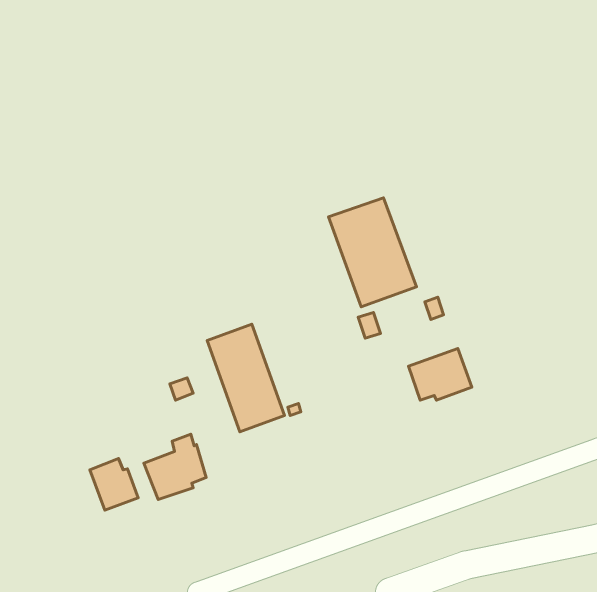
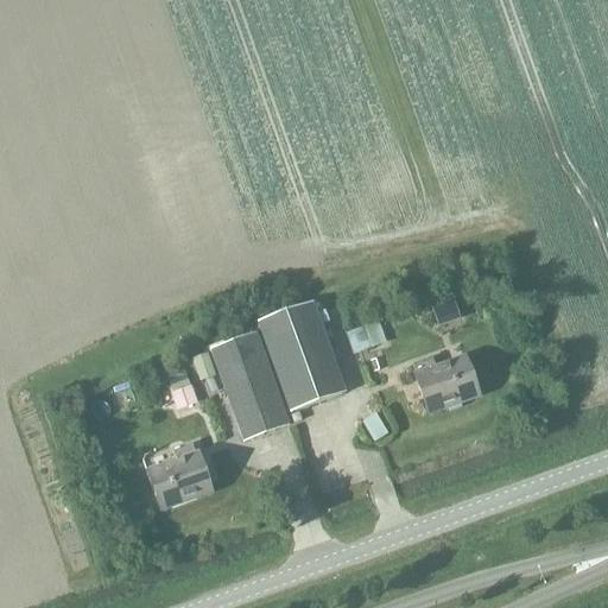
building: [329,198,416,307] -> [258,299,347,410]
building: [90,459,138,510] -> none

